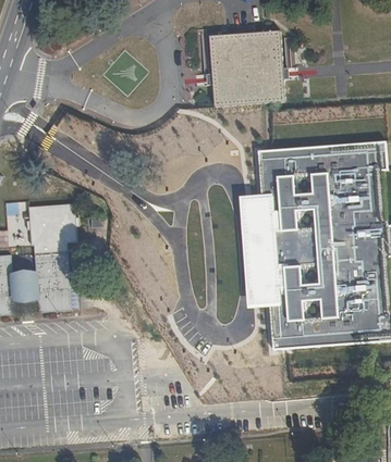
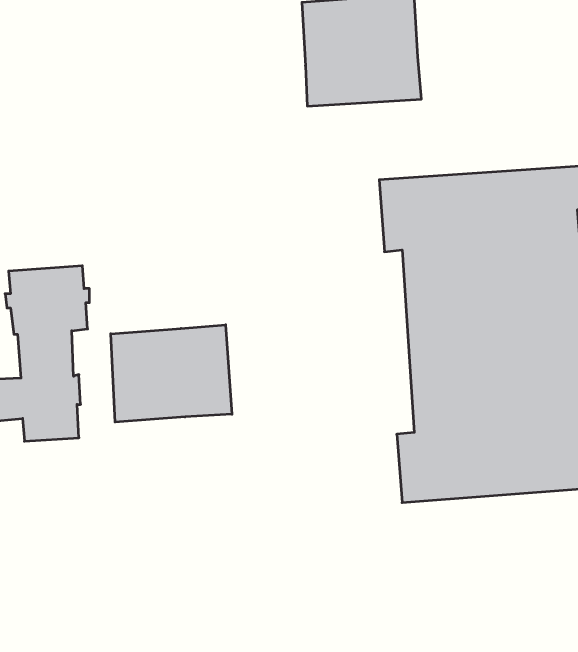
building: [240,192,280,307] -> none
building: none -> [111,325,232,422]

